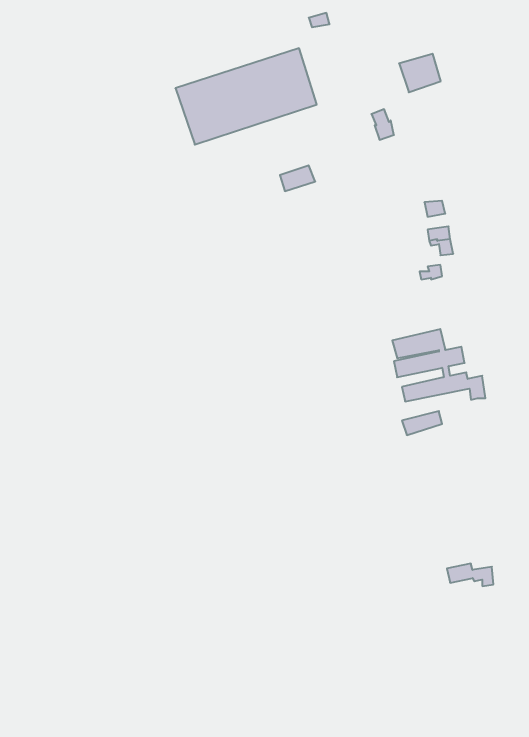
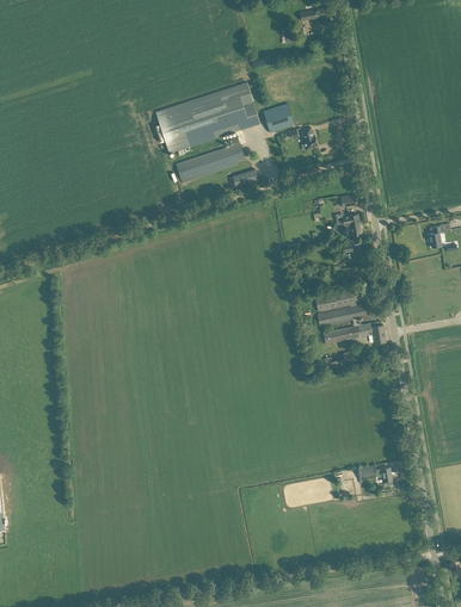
building: [399,54,441,92] -> [264,103,295,131]
building: none -> [176,136,245,182]

